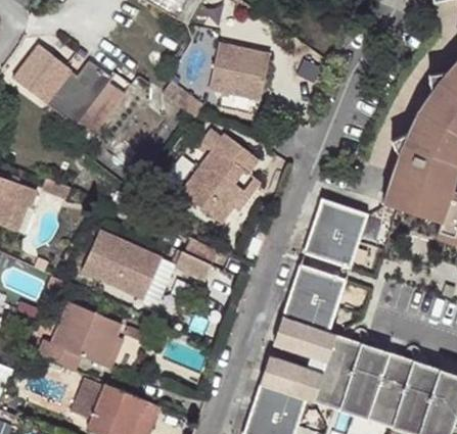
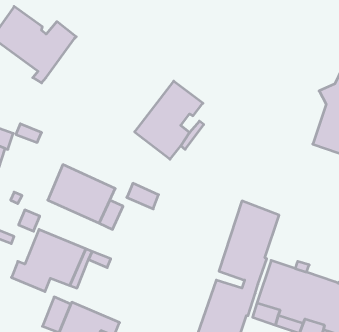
building: [209,41,270,98] -> none
building: [76,80,126,136] -> none
building: [306,202,368,271] -> none

